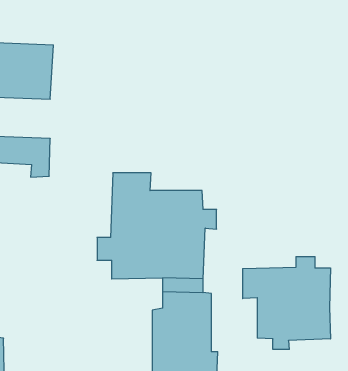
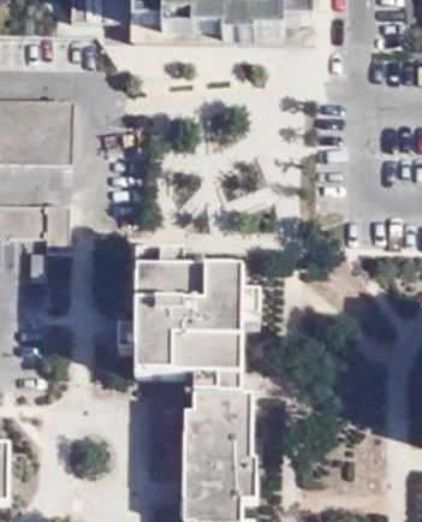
building: [243,257,330,349] -> none

